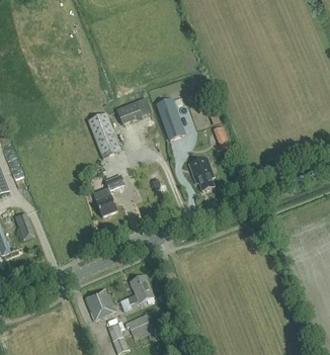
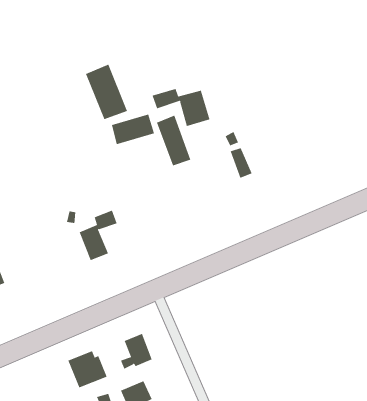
building: none -> [152,88,210,127]
building: [87,112,121,158] -> [85,64,128,120]
building: [188,157,215,191] -> none

